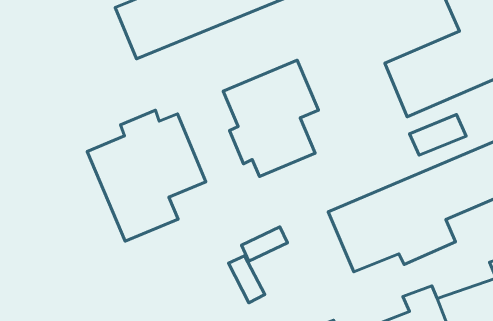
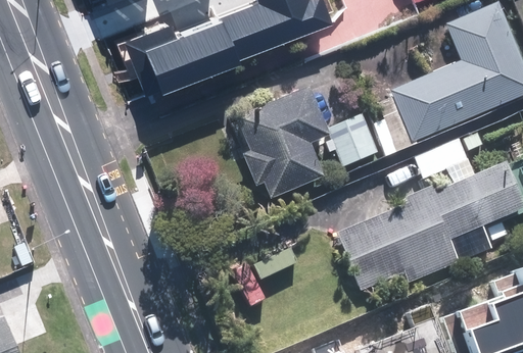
building: none -> [329,115,379,167]
building: [87,110,206,241] -> none

